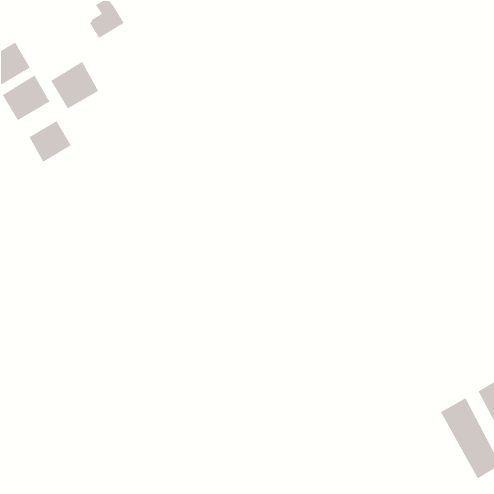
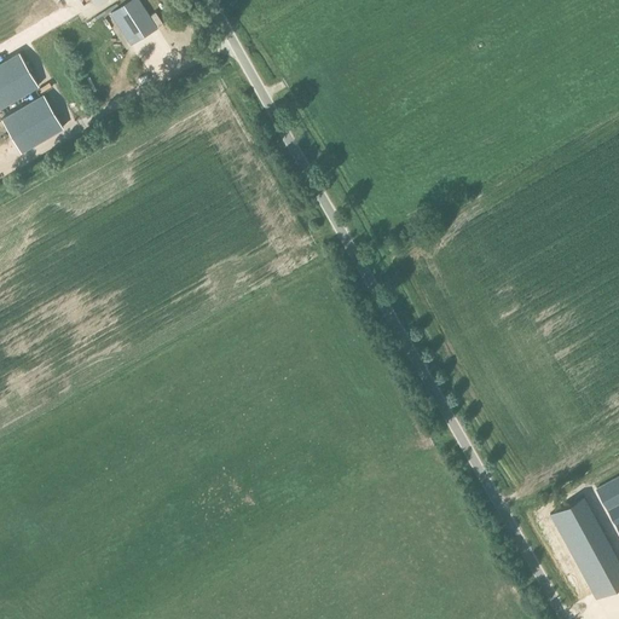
building: [50,61,99,110] -> none
building: [29,120,72,163] -> none

